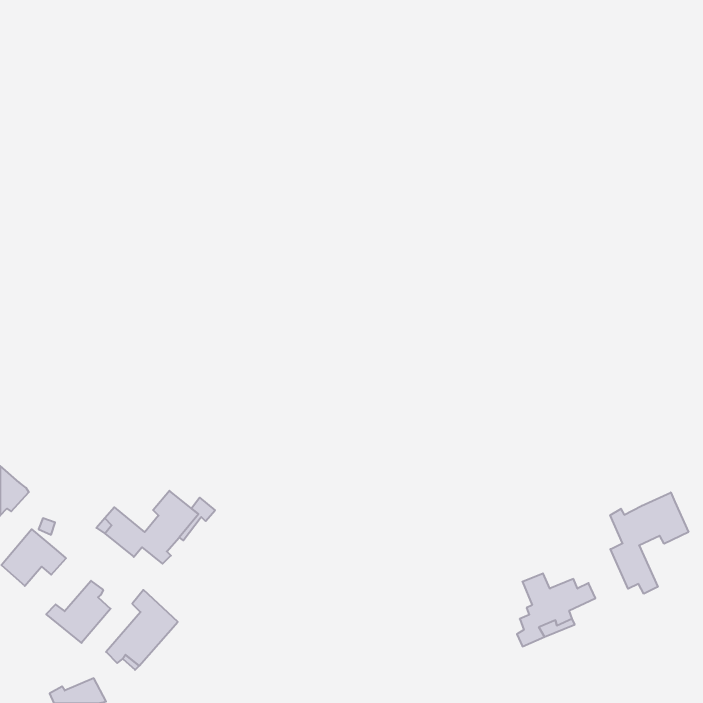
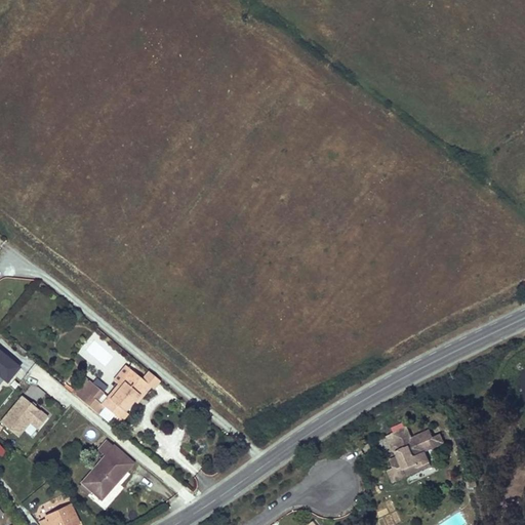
building: [610,492,688,594] -> none
building: [46,581,111,643] -> none

